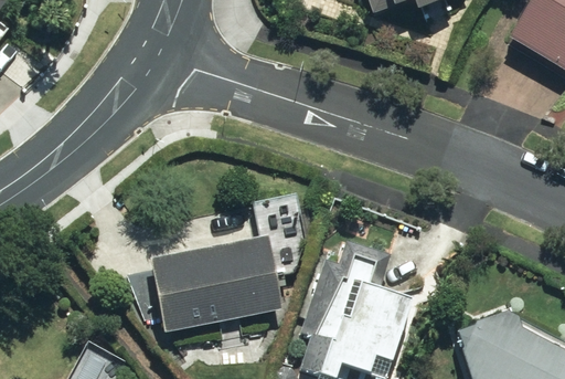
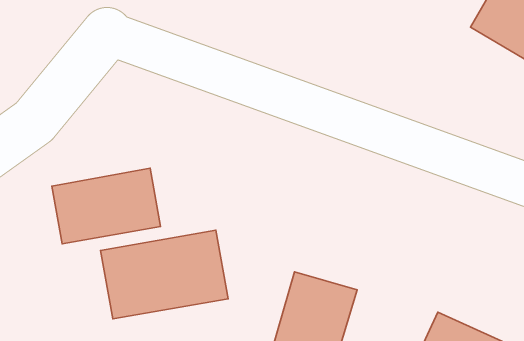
building: none -> [52,168,160,244]

